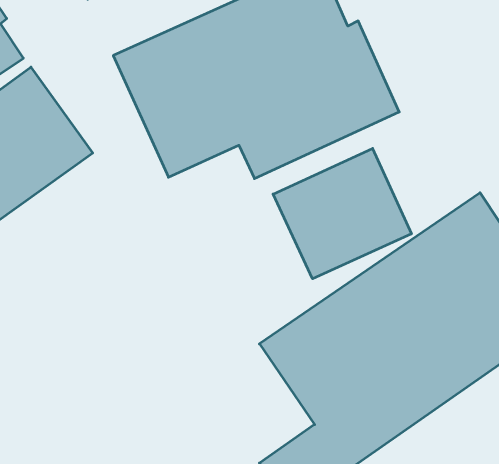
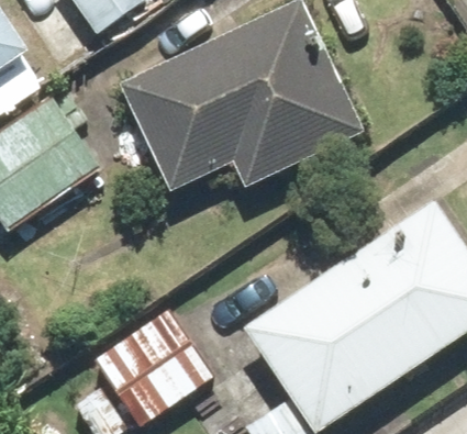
building: [273,148,411,279] -> none
building: none -> [91,300,219,426]

